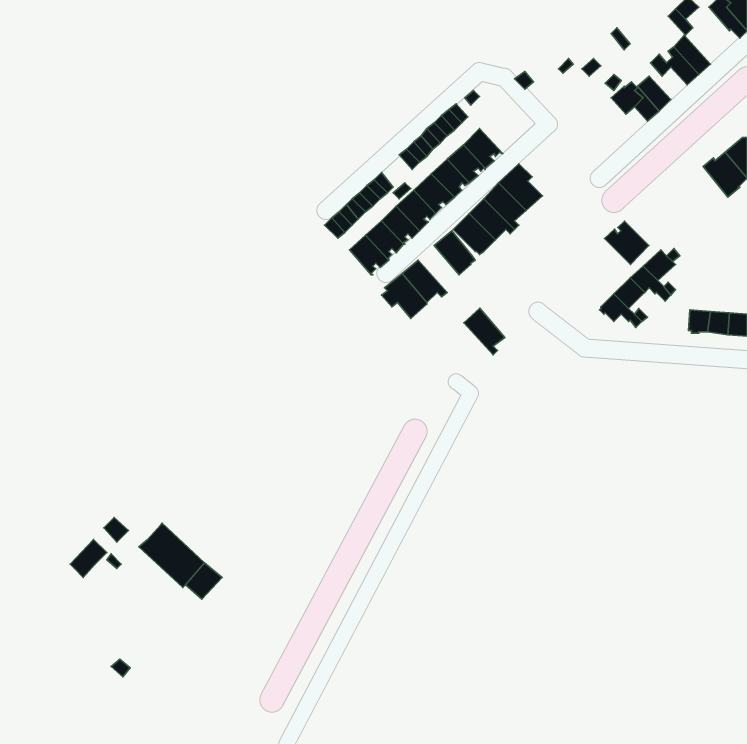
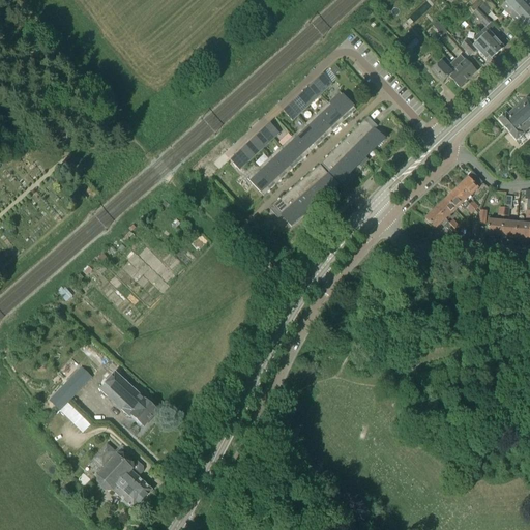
building: [605,221,649,264] -> none
building: [464,308,505,355] -> [296,174,325,207]
building: none -> [93,442,152,508]

